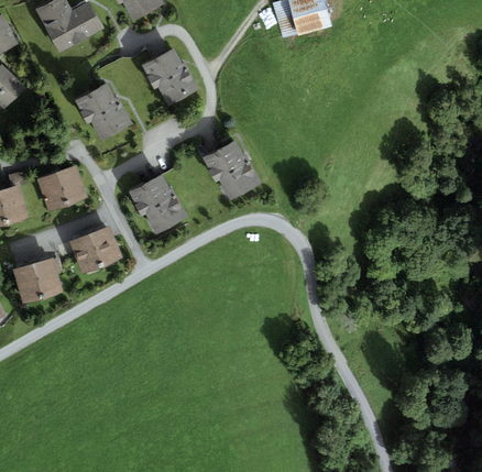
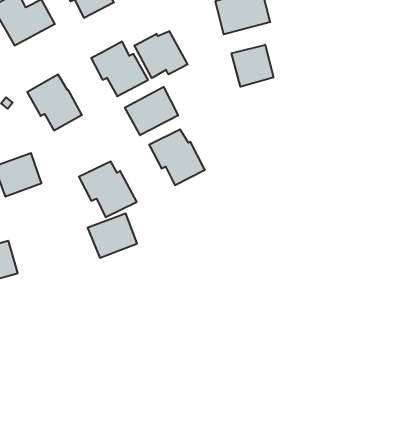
building: none -> [134,31,188,78]
building: none -> [232,45,273,87]
building: none -> [125,87,178,135]
building: [68,226,121,273] -> [87,213,137,258]

